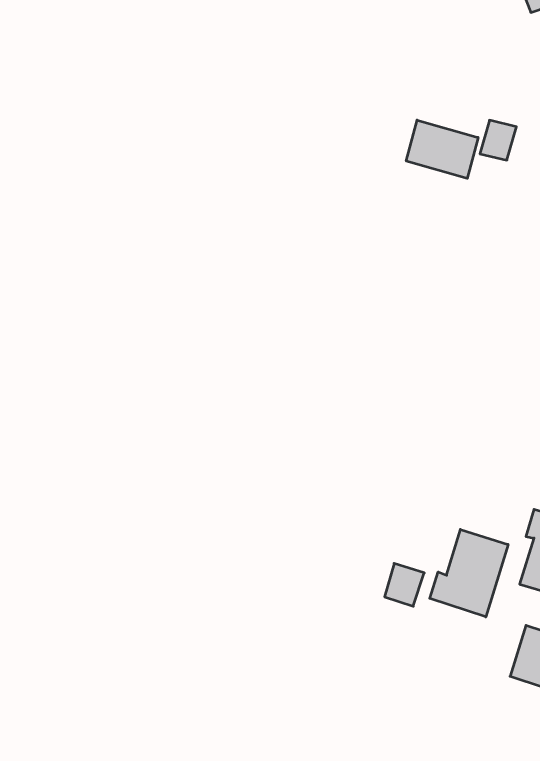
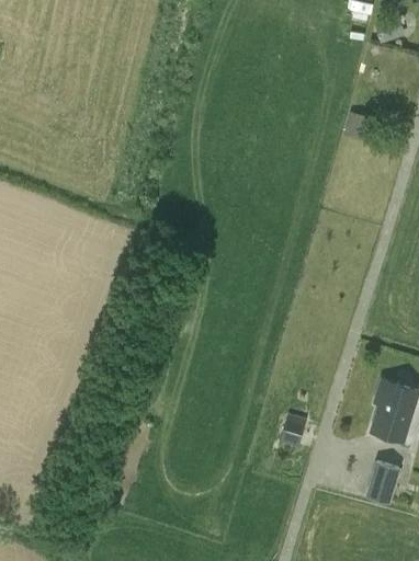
building: [406,120,478,178] -> none
building: [430,529,508,617] -> none

